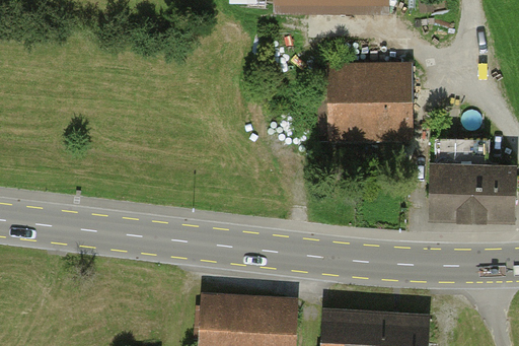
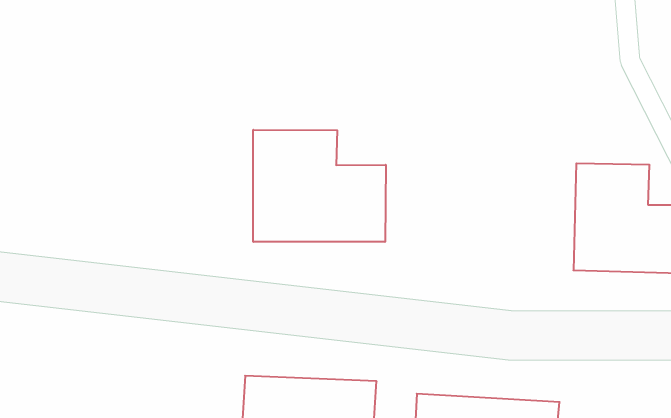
building: [323,68,413,137] -> none
building: none -> [253,130,386,242]

